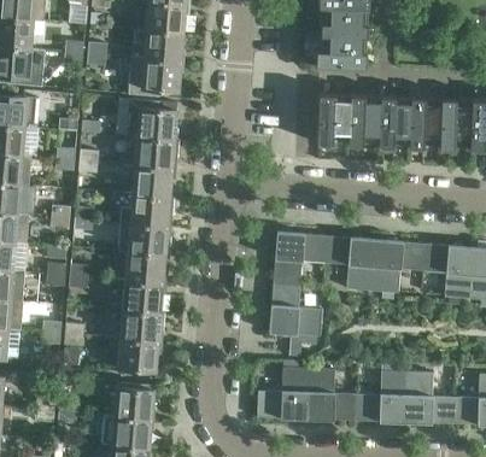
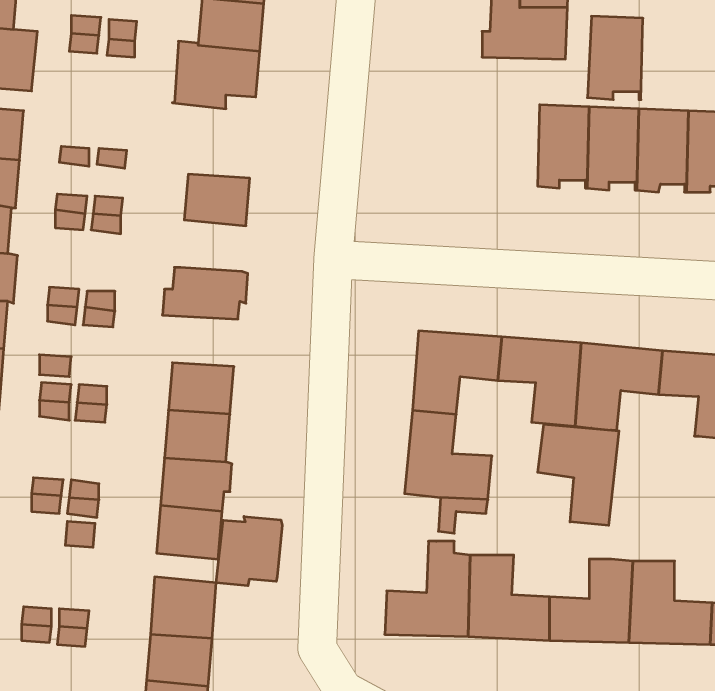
building: [317,94,351,145] -> [587,16,643,100]
building: [125,100,177,140] -> none
building: [133,165,172,197] -> none
building: [119,223,170,254] -> none
building: none -> [538,424,619,525]
building: none -> [216,516,282,586]

